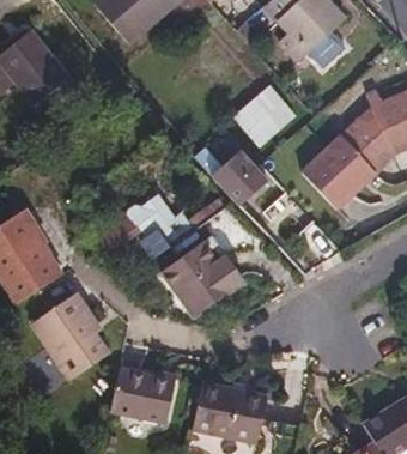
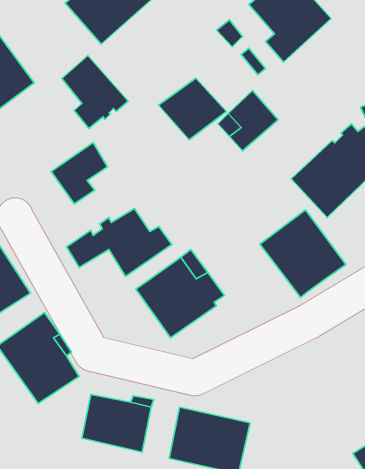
building: none -> [62,55,128,129]
building: none -> [51,143,108,204]
building: [212,146,275,204] -> [158,78,227,140]
building: none -> [260,210,346,298]

